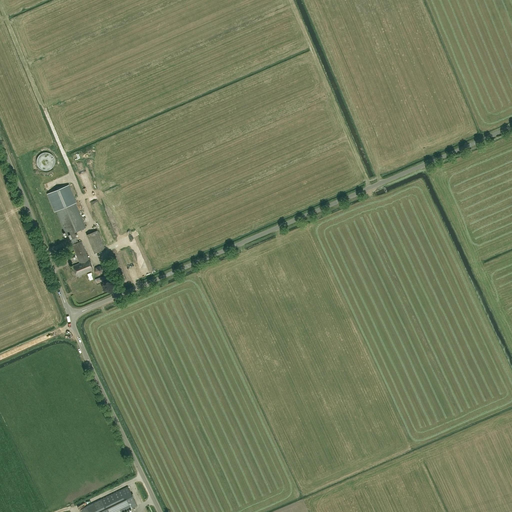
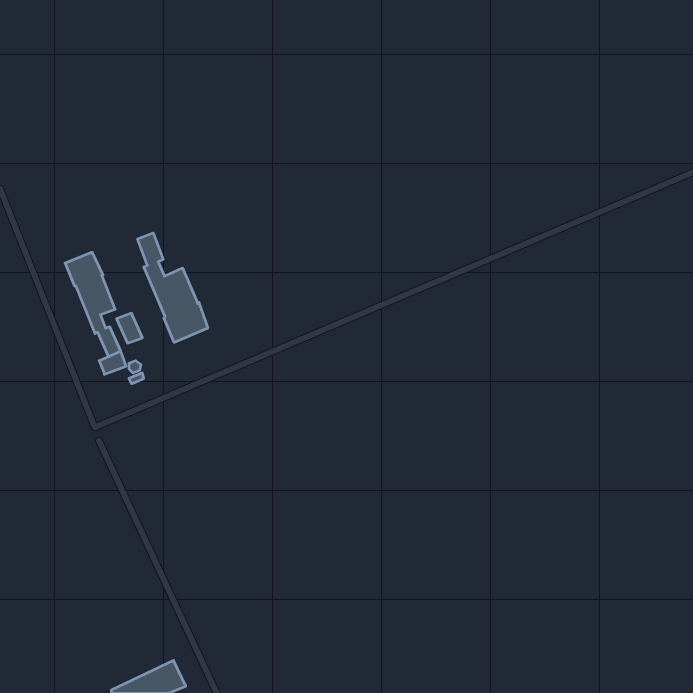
building: none -> [138,233,208,342]

